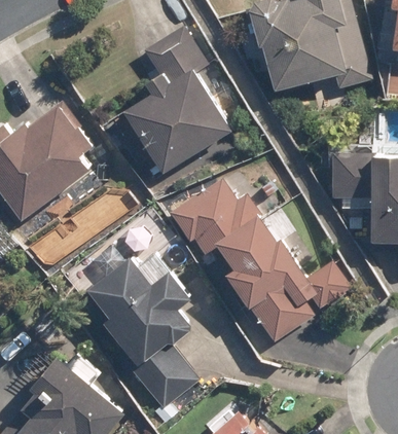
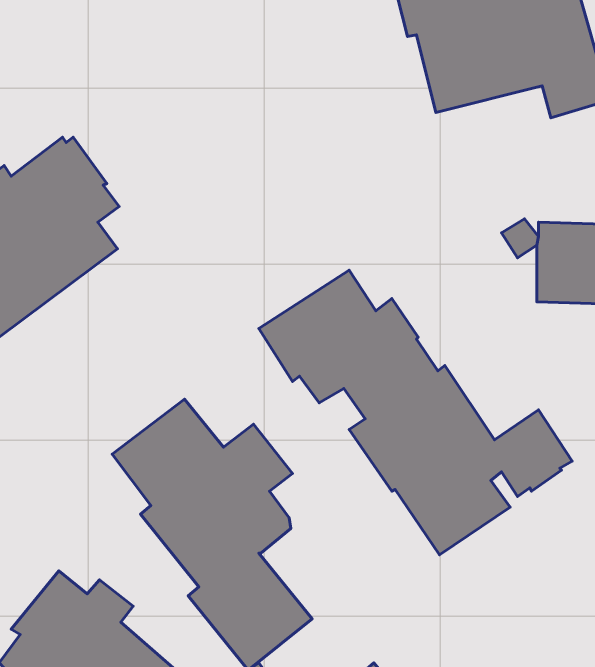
building: [120,28,229,173] -> none

